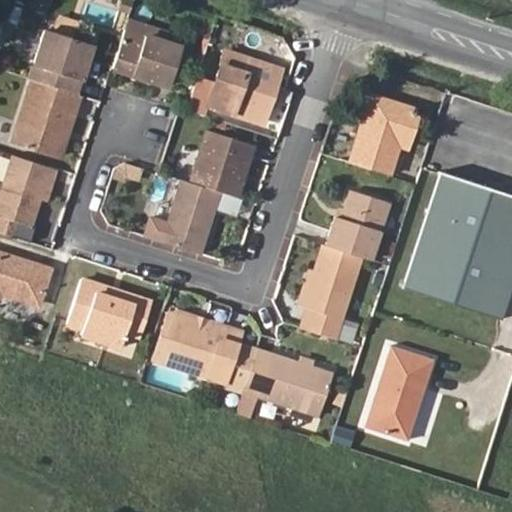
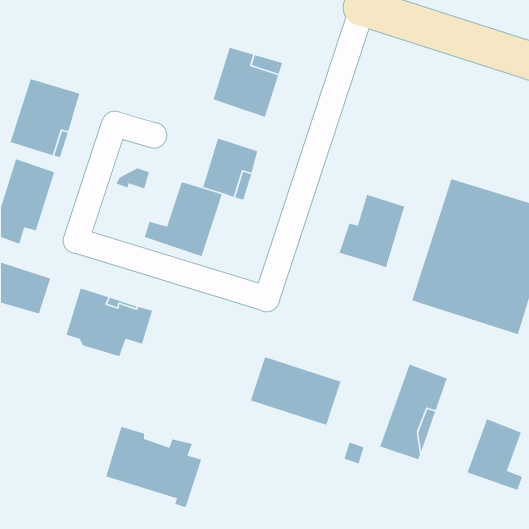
building: [112,28,180,85] -> none
building: [32,29,94,92] -> none
building: [348,86,417,173] -> none
building: [299,245,367,338] -> none
building: [164,313,257,392] -> [105,426,202,508]
building: none -> [467,418,523,491]

